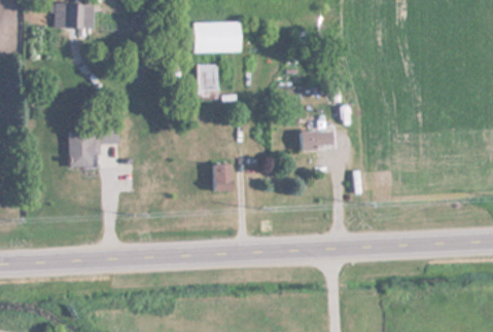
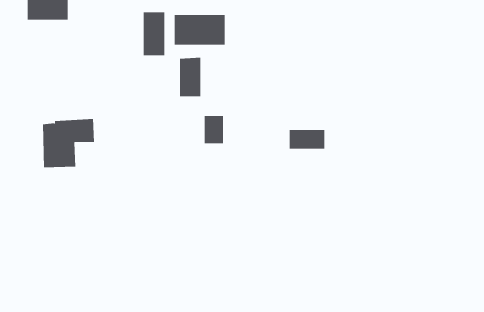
building: none -> [143,12,165,56]
building: [212,164,231,191] -> [204,115,224,144]

